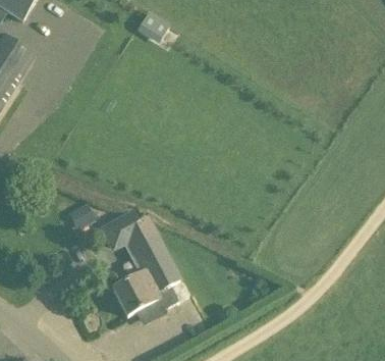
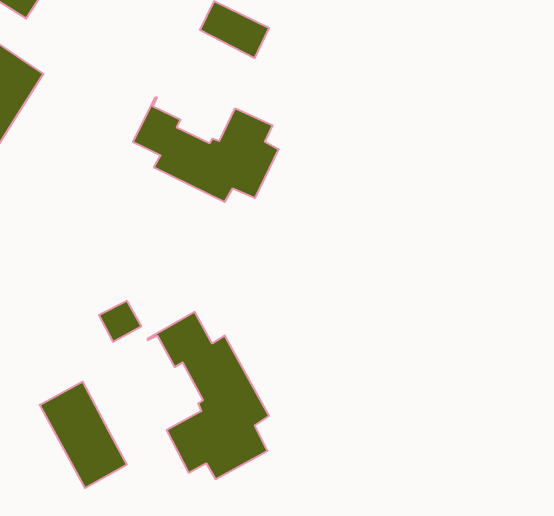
building: none -> [133,97,279,202]
building: none -> [40,382,127,488]

